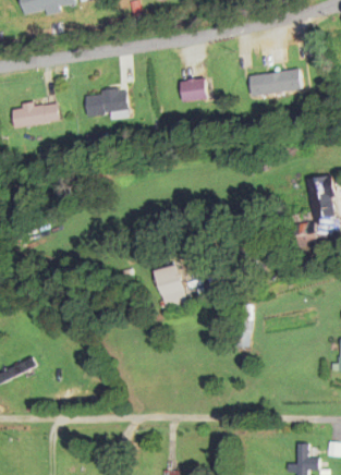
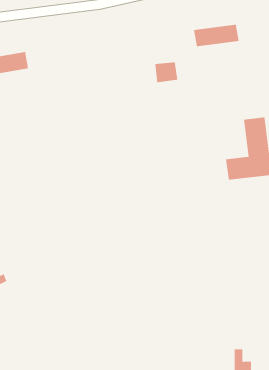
building: [181,77,208,101] -> [155,62,178,83]
building: [85,88,130,117] -> none
building: [154,264,186,308] -> none

